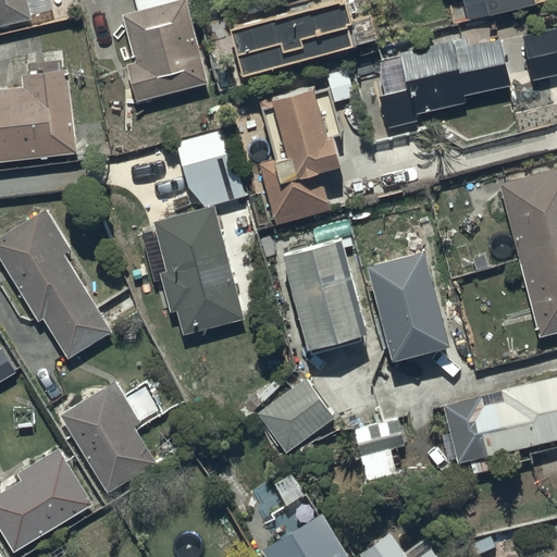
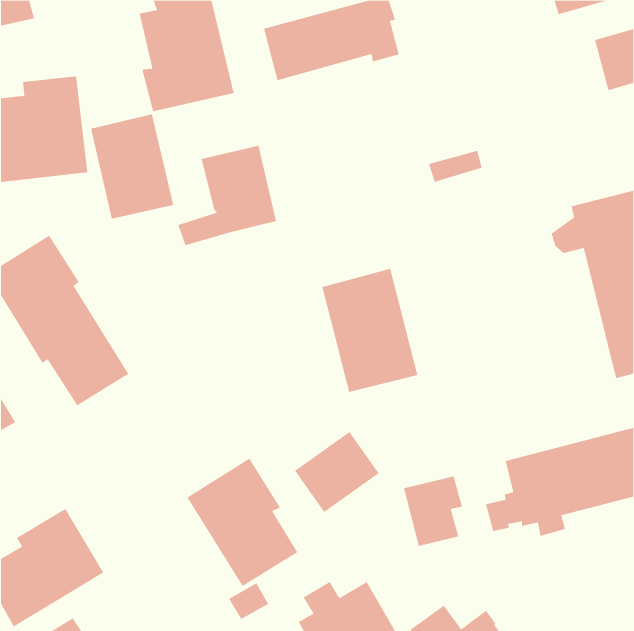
building: [379,39,509,128] -> none
building: [258,88,337,224] -> none
building: none -> [91,114,174,219]
building: [141,208,244,336] -> none
building: [364,249,449,359] -> none
building: [58,380,156,493] -> [186,458,298,587]

